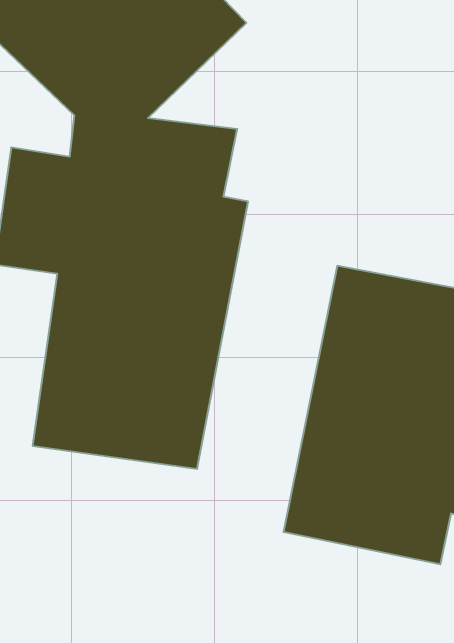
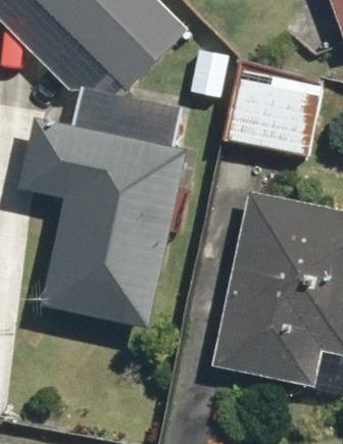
building: none -> [217,63,318,156]

